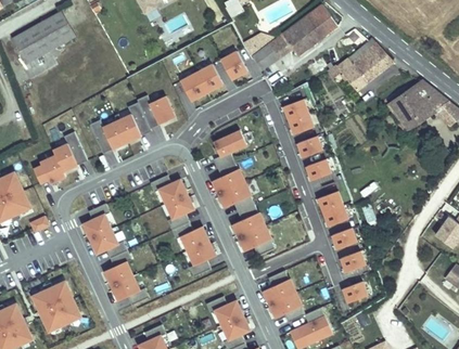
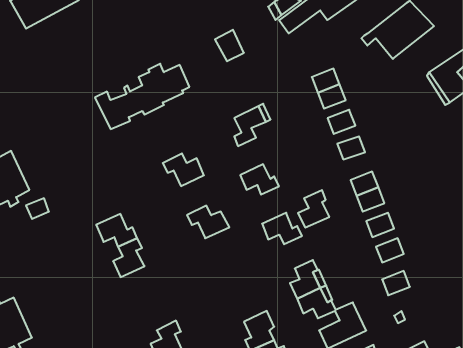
building: [219,51,246,80] -> none
building: [179,73,206,101] -> none
building: [33,131,87,183] -> none
building: [212,160,239,194] -> none
building: [165,194,193,230] -> none
building: [82,203,111,238] -> none
building: [231,204,259,237] -> [298,190,329,228]
building: [187,241,215,276] -> none
building: [111,275,148,305] -> none
building: [31,282,80,331] -> none
building: [205,296,242,325] -> none

